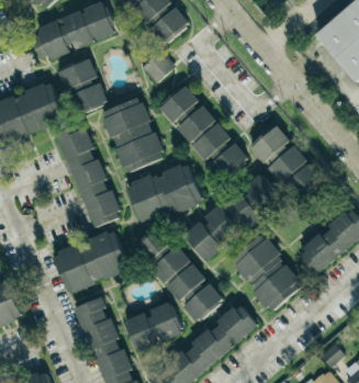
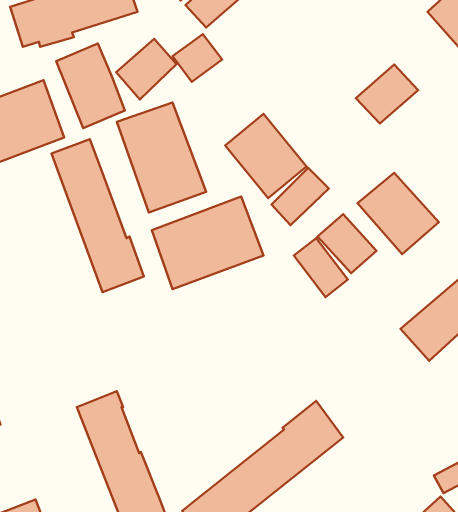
building: [159,85,201,126] -> [116,39,177,99]
building: [250,125,293,166] -> [356,65,418,124]
building: [184,204,243,261] -> none
building: [135,226,224,323] -> none
building: [54,232,130,294] -> none
building: [231,235,304,312] -> none
building: [126,302,183,351] -> none

